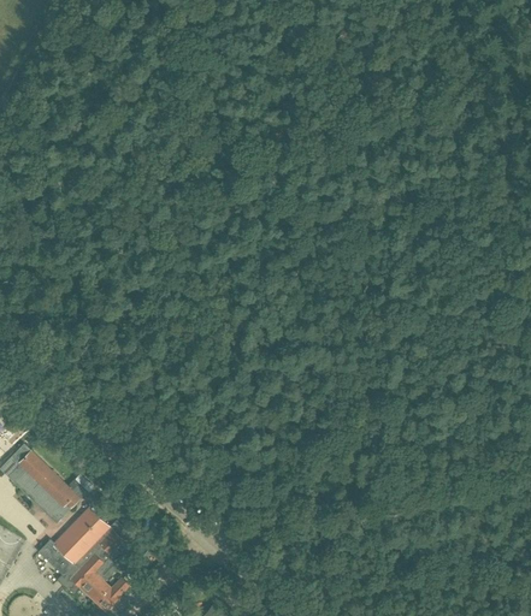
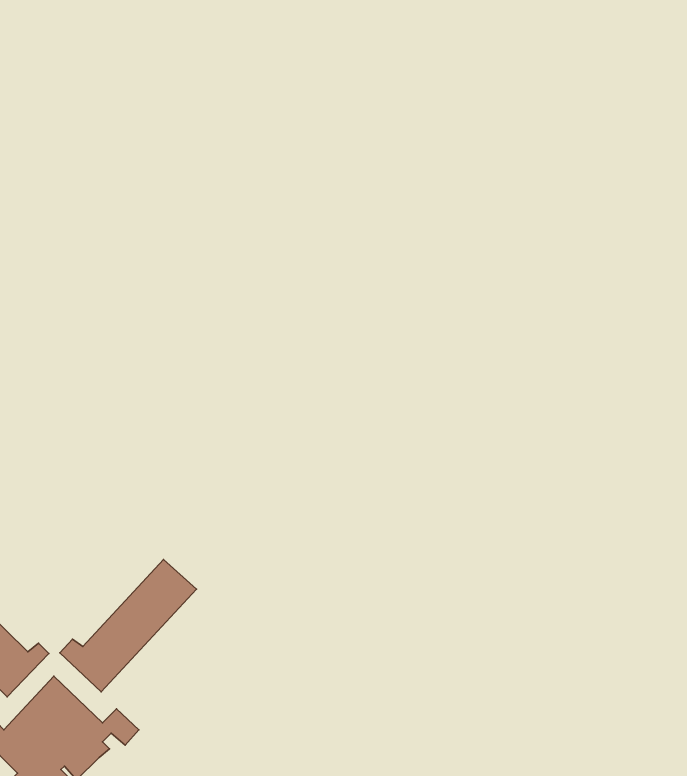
building: none -> [60,560,196,692]

